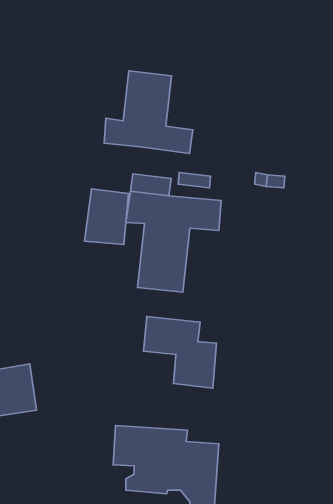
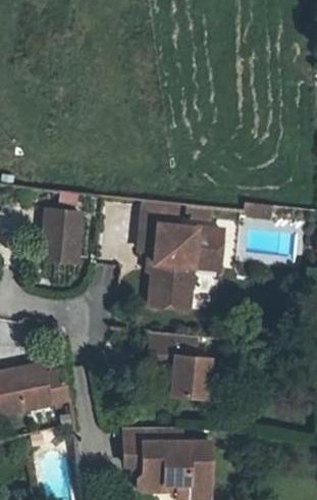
building: [104,71,193,153] -> none
building: [85,189,129,244] -> [41,212,80,261]

